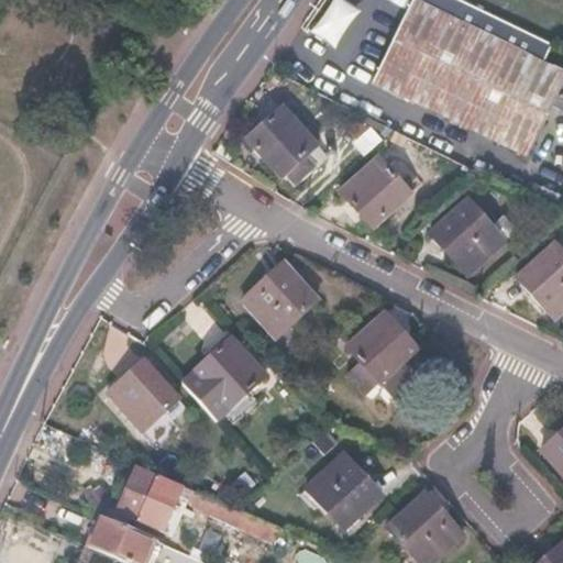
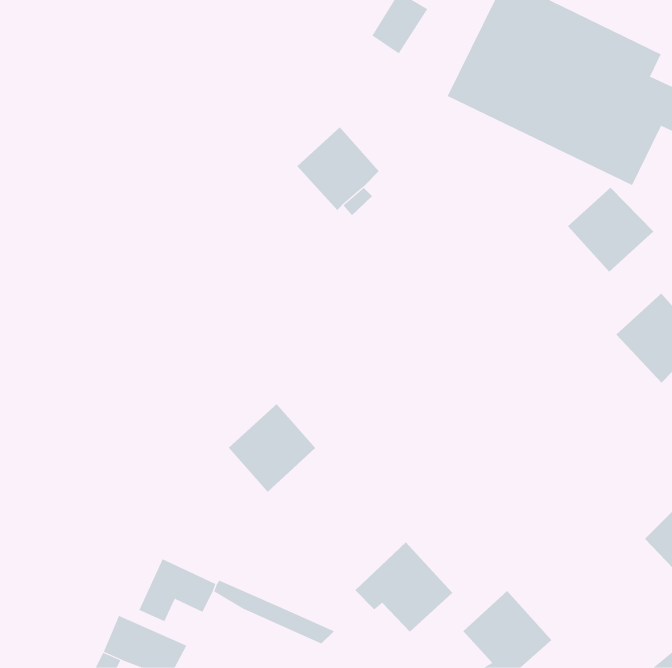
building: [341,158,411,227] -> none
building: [428,202,500,274] -> [567,187,654,272]
building: [241,260,318,336] -> none
building: [335,312,420,397] -> none
building: [108,358,179,438] -> none

